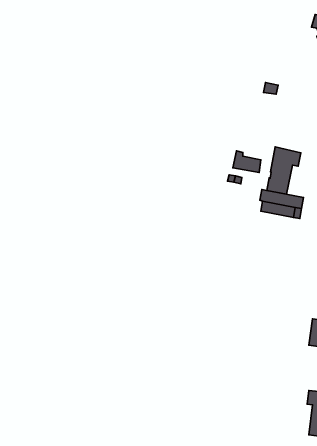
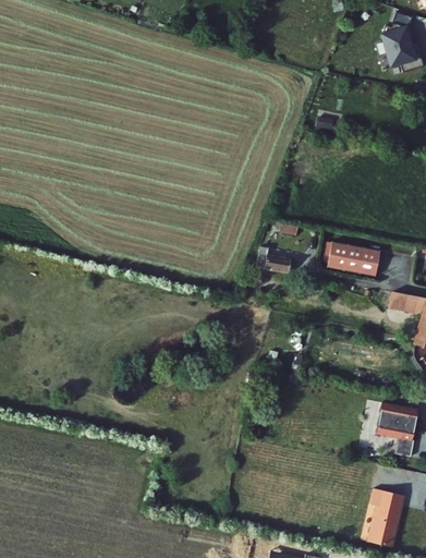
building: [267,147,301,194] -> none
building: [233,151,261,172] -> [254,244,288,270]

